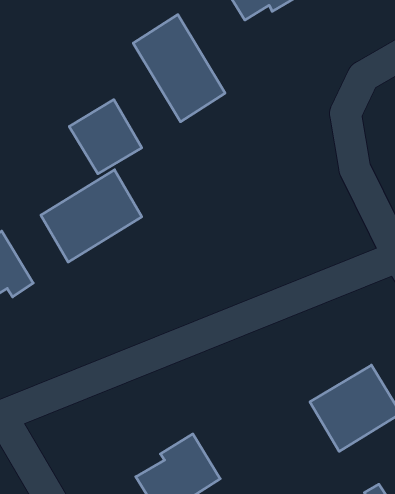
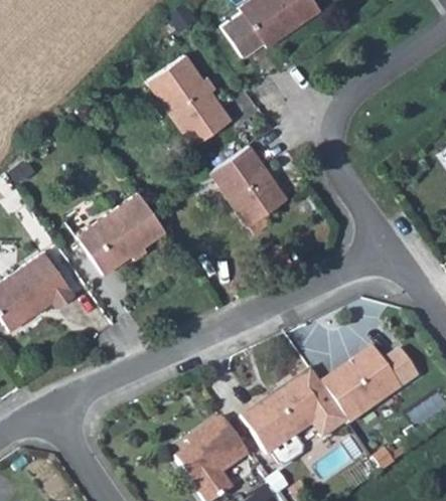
building: [69,100,142,174] -> none
building: none -> [211,145,288,226]
building: none -> [242,376,325,455]

